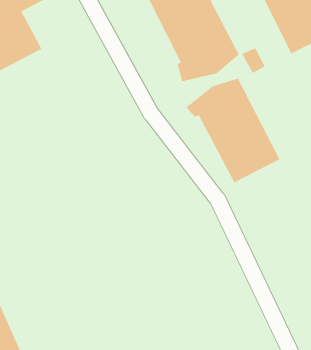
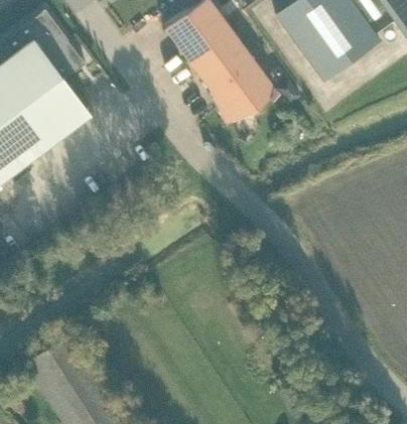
building: [186,78,280,183] -> none

